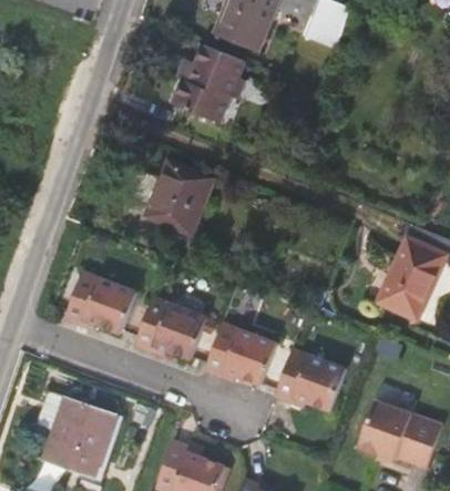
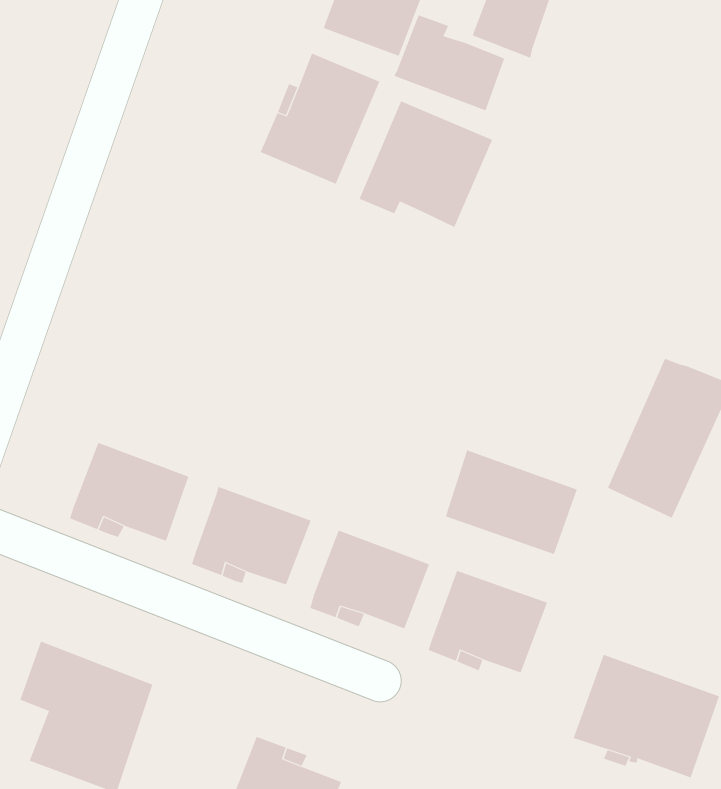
building: none -> [393,14,505,111]
building: none -> [359,100,493,228]
building: [146,161,211,232] -> none
building: none -> [445,450,577,555]

